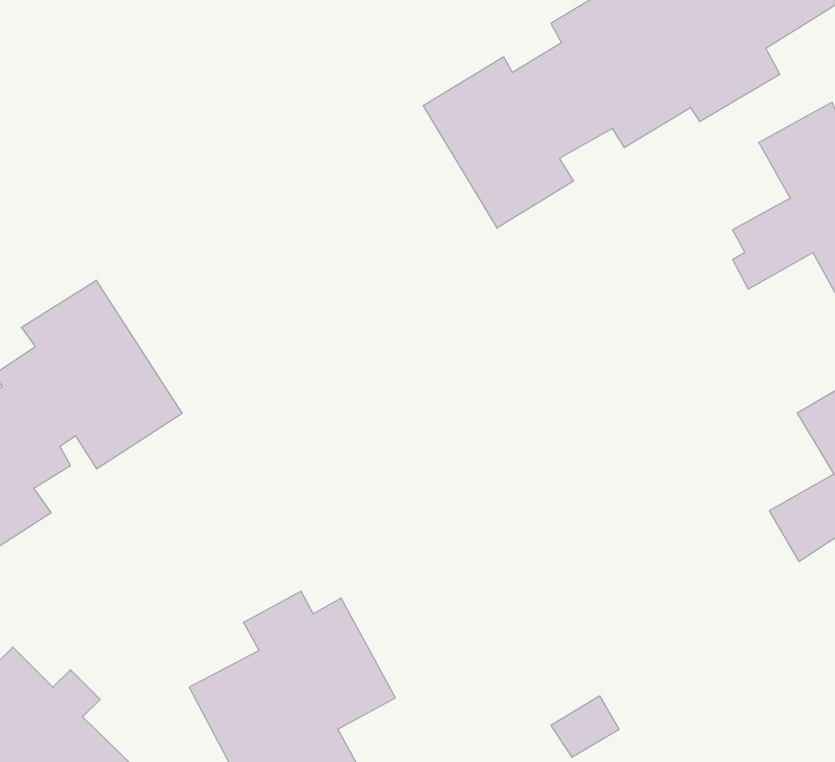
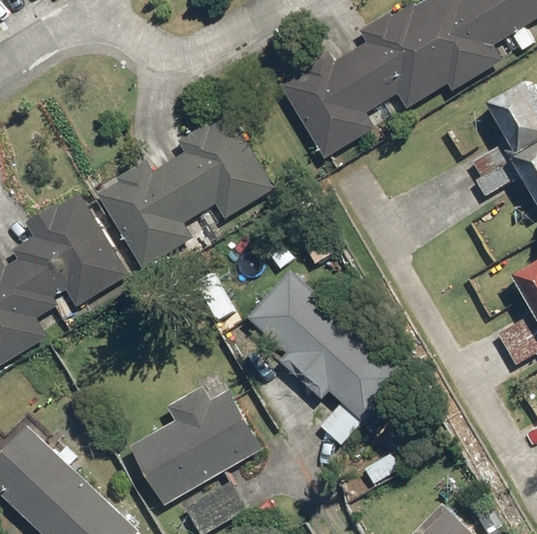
building: none -> [95,114,273,268]
building: none -> [252,280,408,446]

